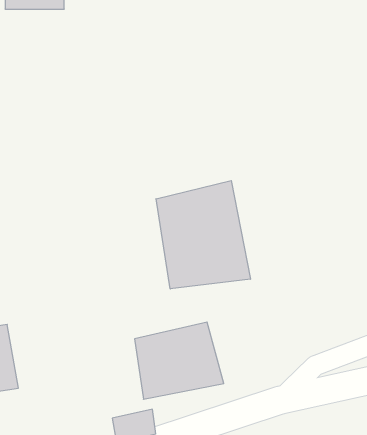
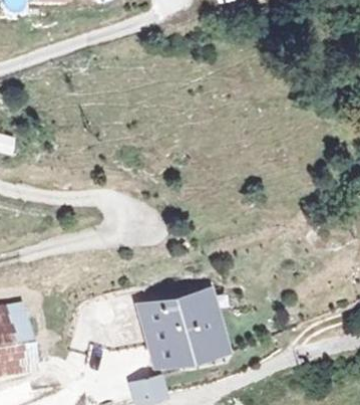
building: [156,181,250,289] -> none

